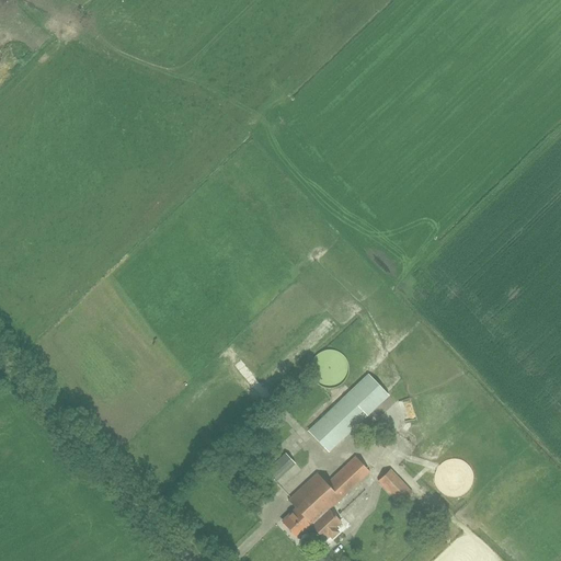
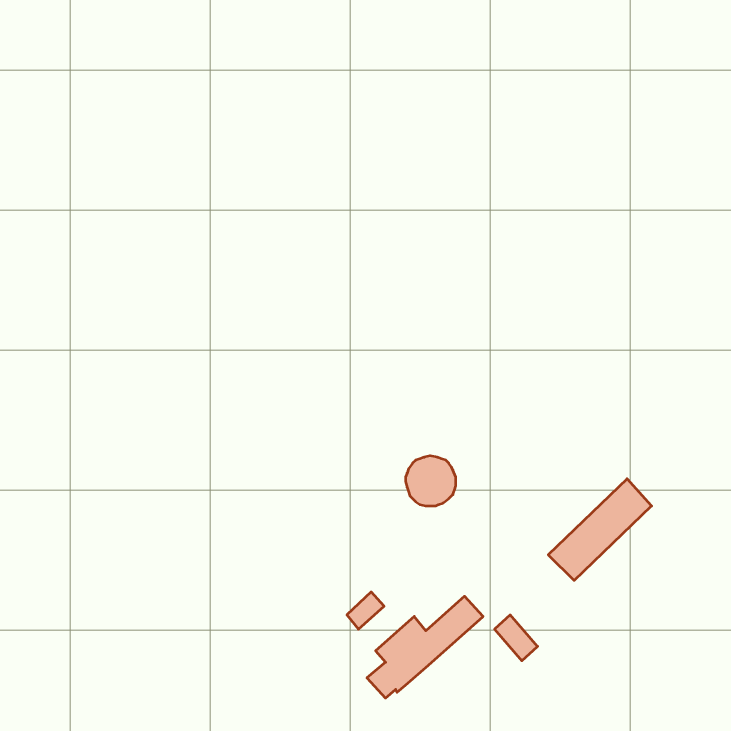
building: [310,373,389,450] -> [548,479,652,580]
building: [311,508,340,536] -> none

